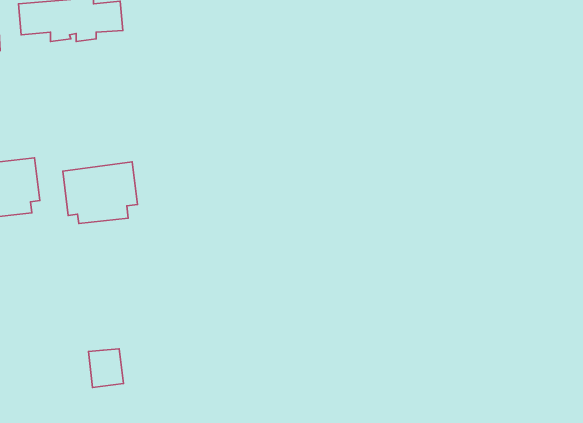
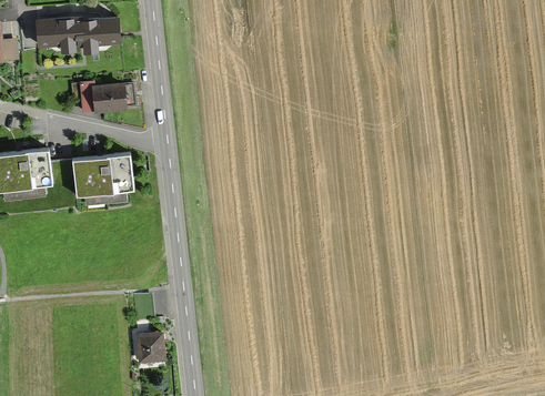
building: none -> [71,81,135,113]
building: [89,349,123,388] -> [135,332,164,364]

